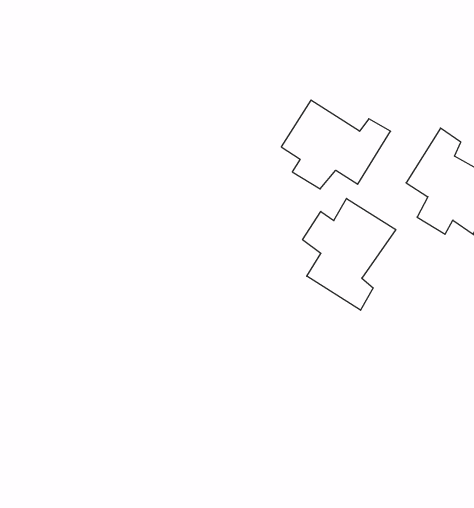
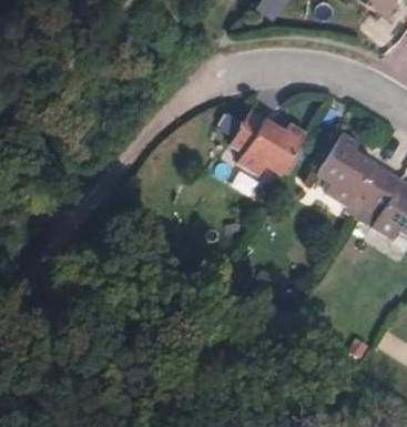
building: [303,198,396,310] -> none

